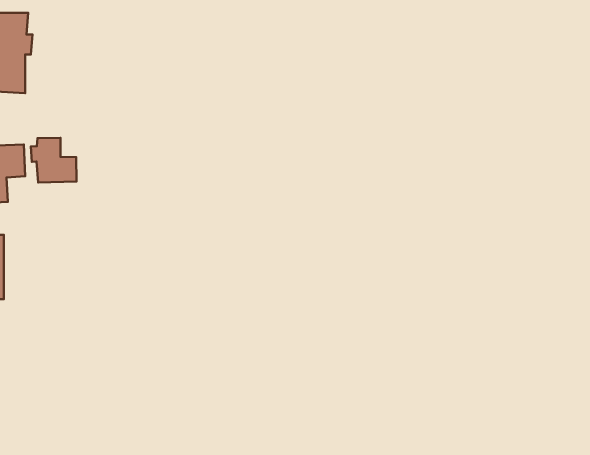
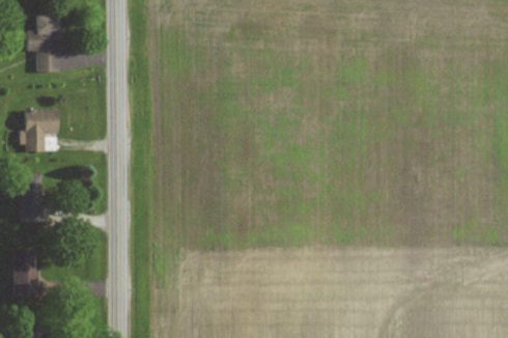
building: [31,138,77,183] -> none

